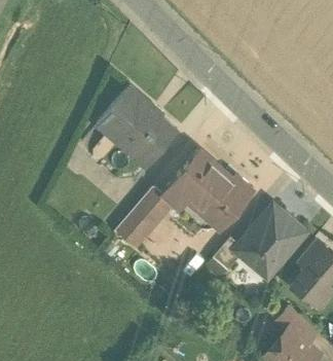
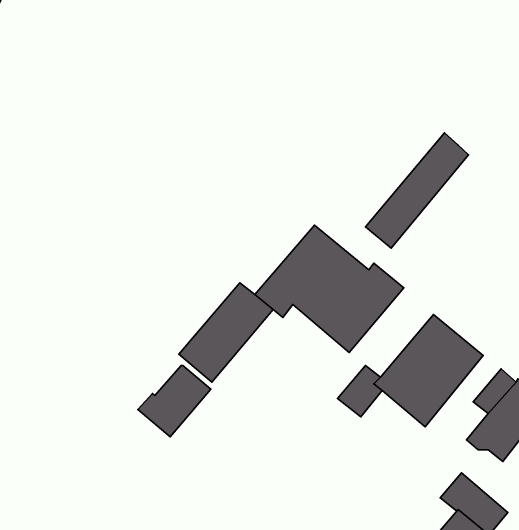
building: [96,86,177,169] -> none
building: none -> [365,133,468,248]
building: none -> [138,366,211,437]

